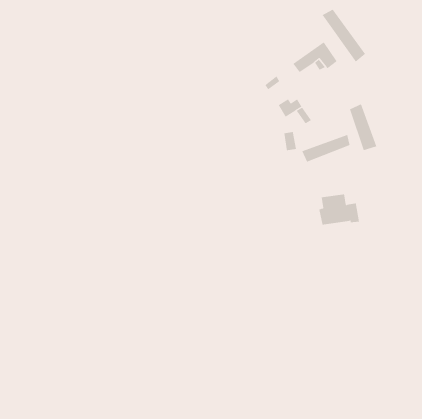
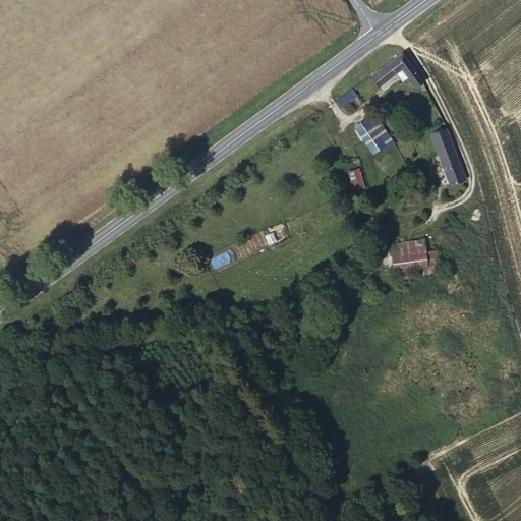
building: [322,9,366,63] -> none
building: [301,134,350,162] -> none

